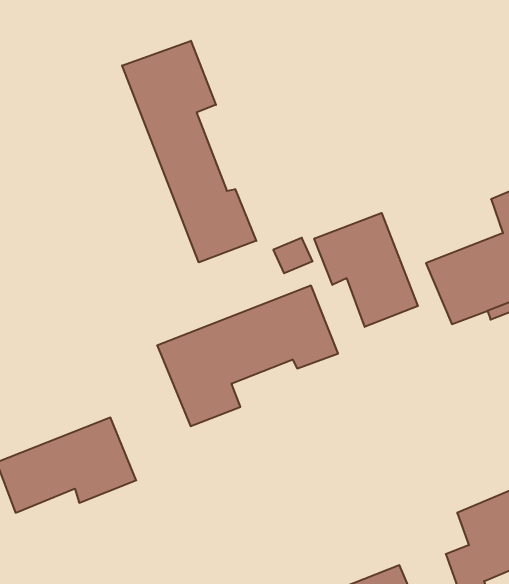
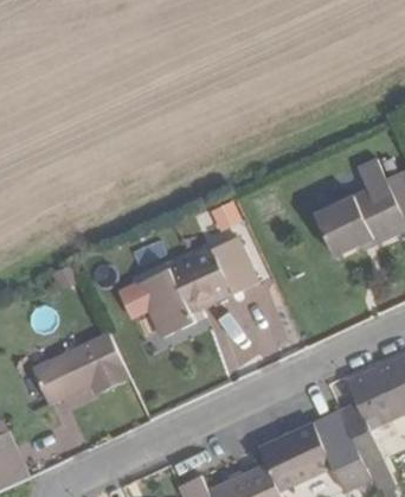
building: [122,41,256,262] -> none
building: [314,213,418,327] -> none

